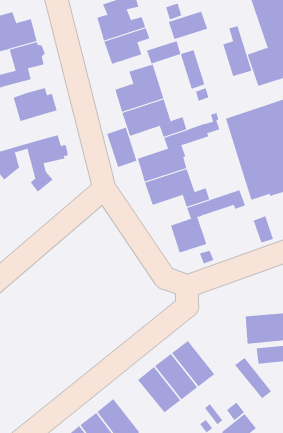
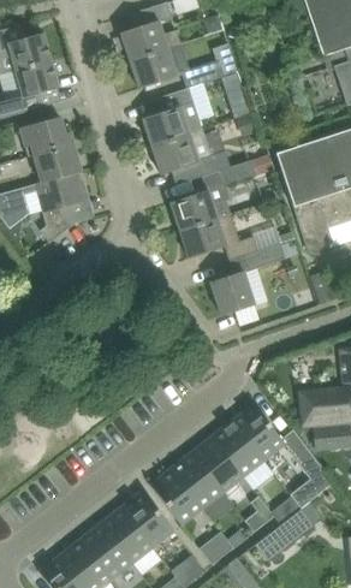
building: [168,11,208,40] -> none
building: [222,25,252,77] -> none
building: none -> [34,143,82,182]
building: [106,127,137,168] -> none
building: none -> [232,403,285,461]
building: none -> [150,468,203,524]

